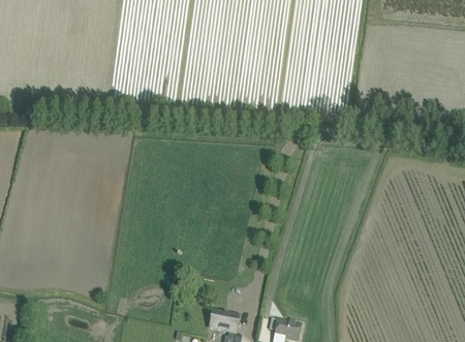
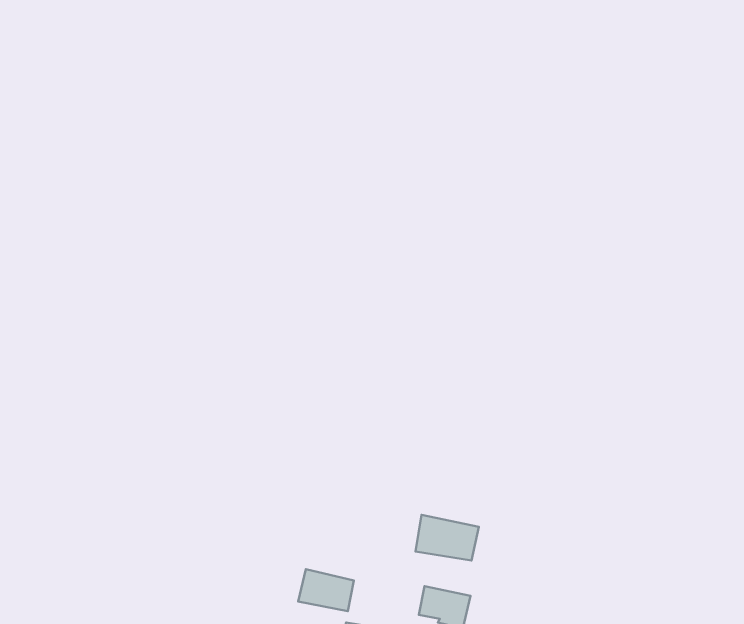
building: none -> [416,515,479,561]

